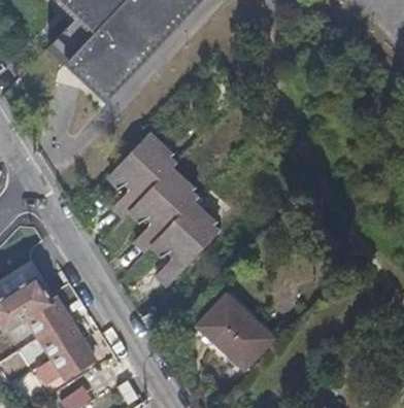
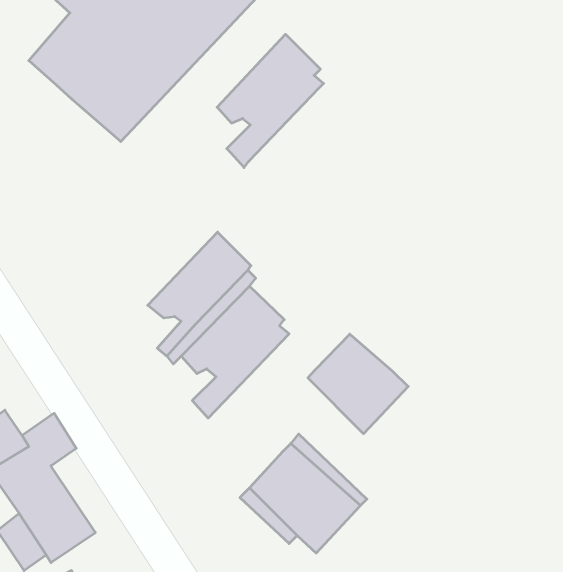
building: [108,129,177,215] -> [217,34,324,168]
building: none -> [308,334,408,434]

